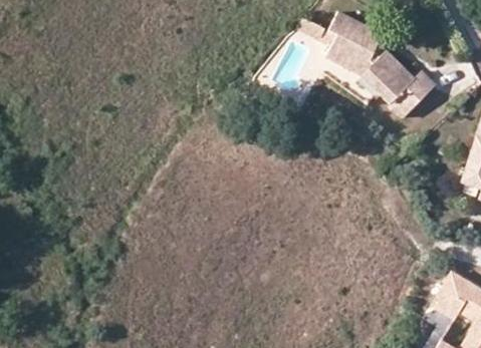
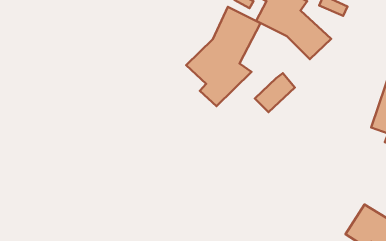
building: none -> [186,7,261,106]
building: [390,71,437,117] -> [255,73,295,112]

